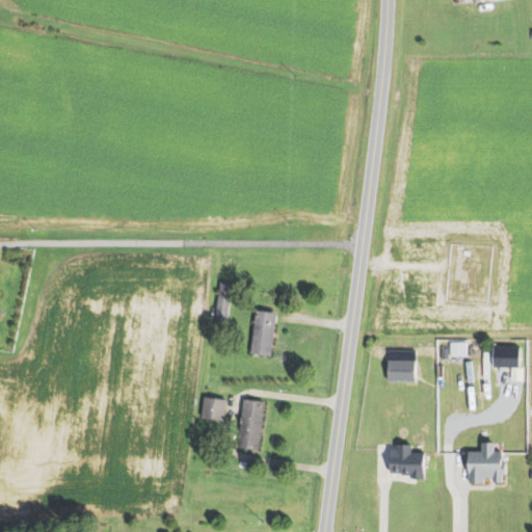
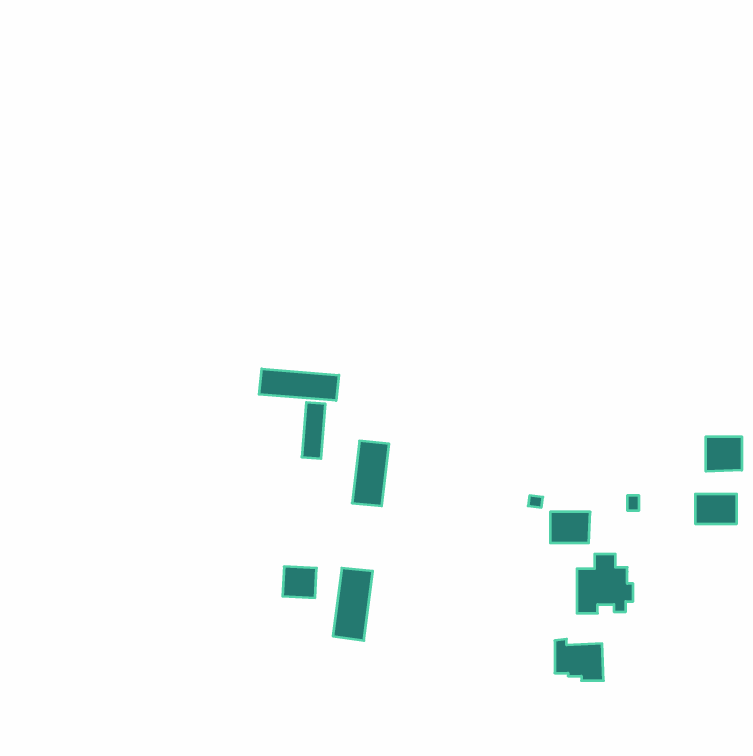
building: none -> [259,369,339,401]
building: none -> [706,437,742,471]
building: [469,441,508,482] -> [577,554,633,613]

